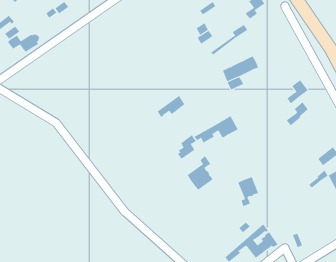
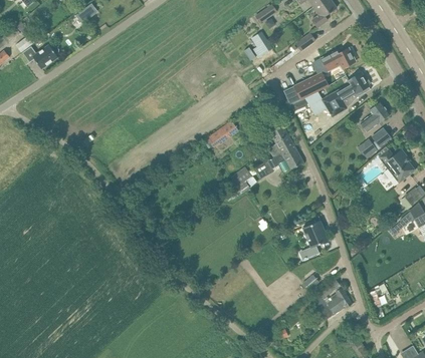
building: none -> [312,47,356,72]
building: none -> [322,71,371,115]
building: none -> [265,123,294,156]
building: none -> [378,145,415,182]
building: [187,149,213,194] -> none

